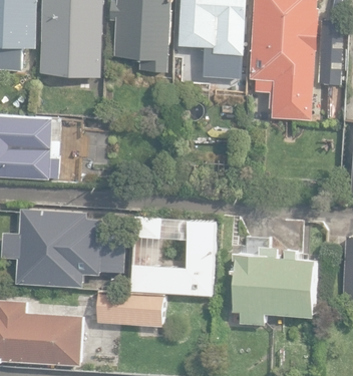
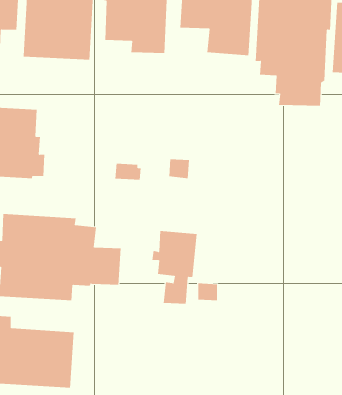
building: [235,240,319,328] -> none
building: [98,293,165,329] -> none

